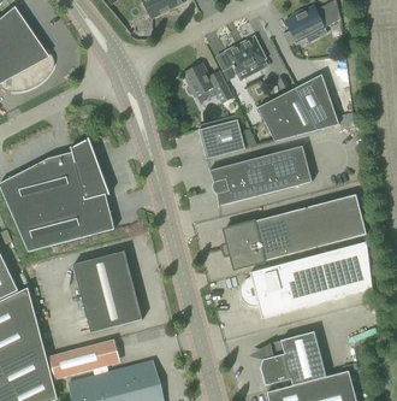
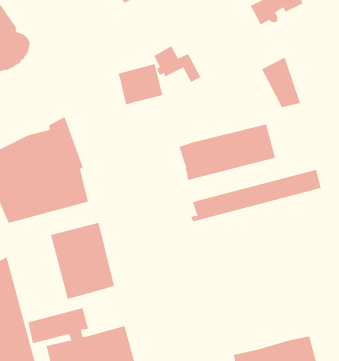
building: [225,36,267,78] -> none
building: [257,88,319,140] -> none
building: [197,114,245,159] -> [118,63,163,105]
building: [224,214,367,269] -> none
building: [241,241,373,318] -> none
building: [261,331,326,385] -> none

